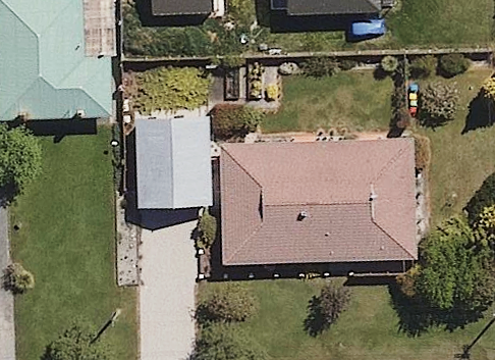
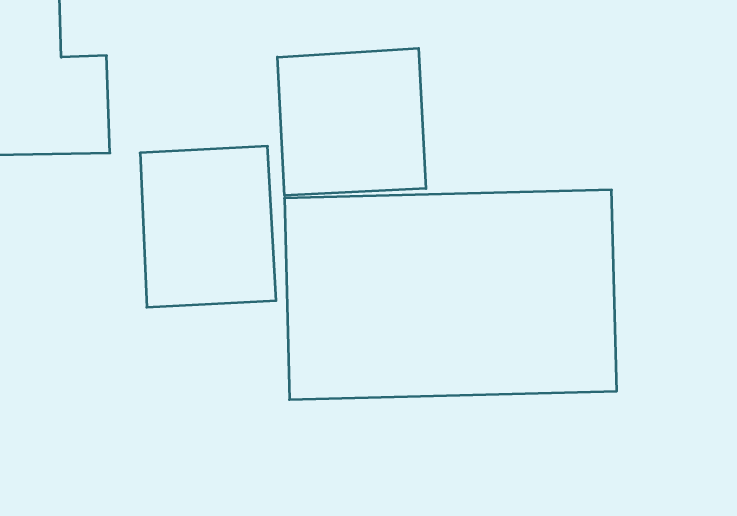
building: none -> [277,48,426,196]

